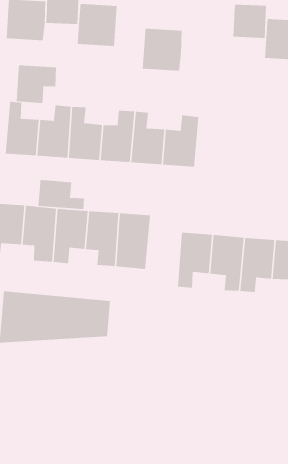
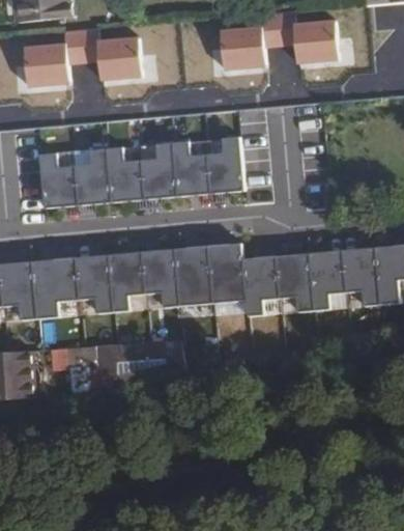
building: [142,28,182,71] -> [219,25,262,72]
building: [16,65,57,104] -> none
building: [38,179,85,210] -> none
building: none -> [207,244,244,303]

